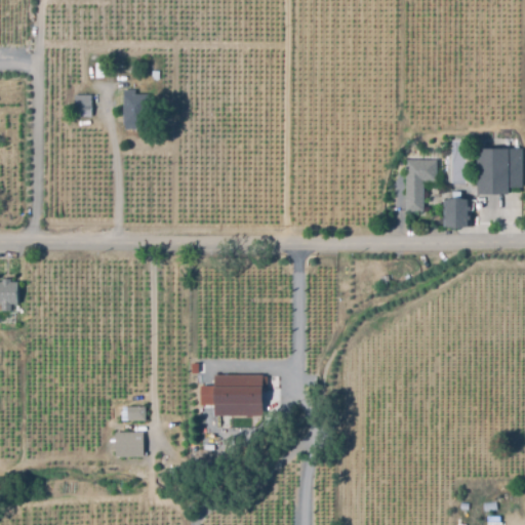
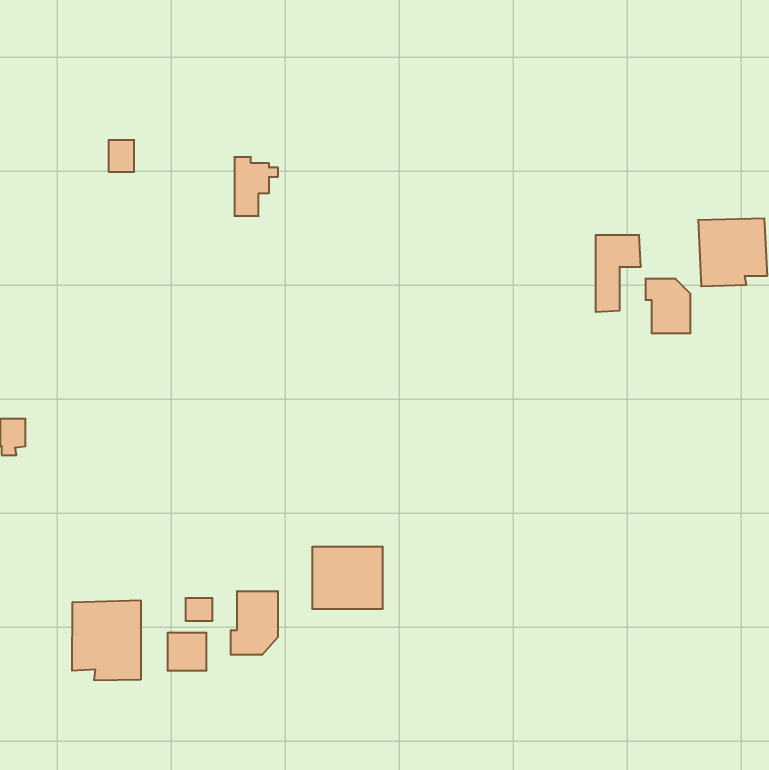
building: [124,90,154,130] -> [234,157,278,216]
building: none -> [231,591,278,655]
building: none -> [72,600,141,680]

